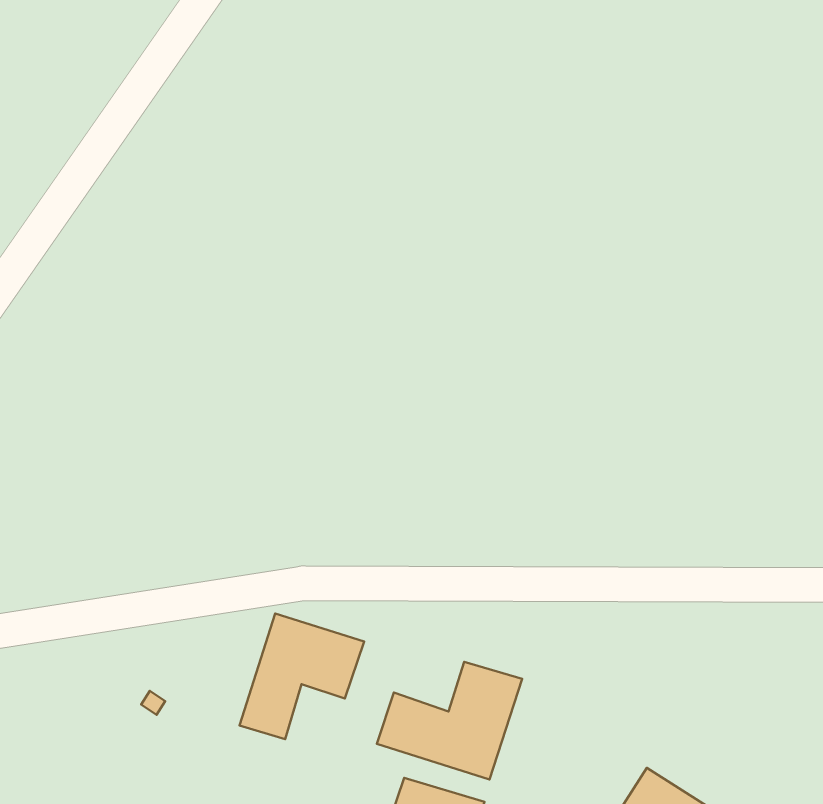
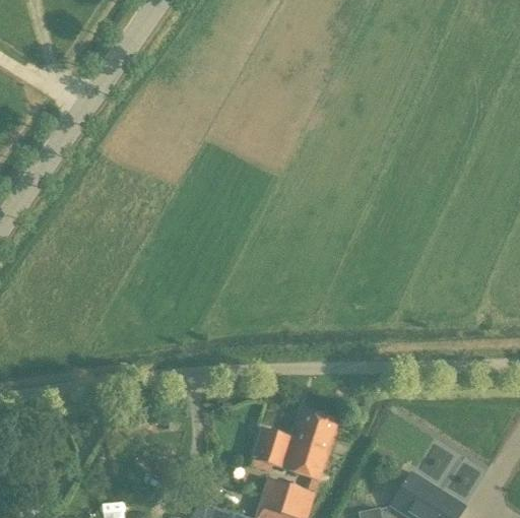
building: [239,614,364,739] -> none

